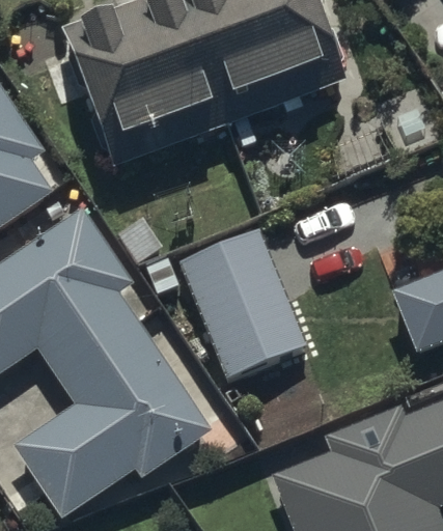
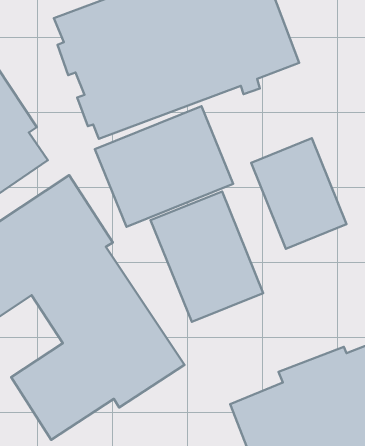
building: none -> [95,106,233,227]
building: none -> [251,138,347,249]

